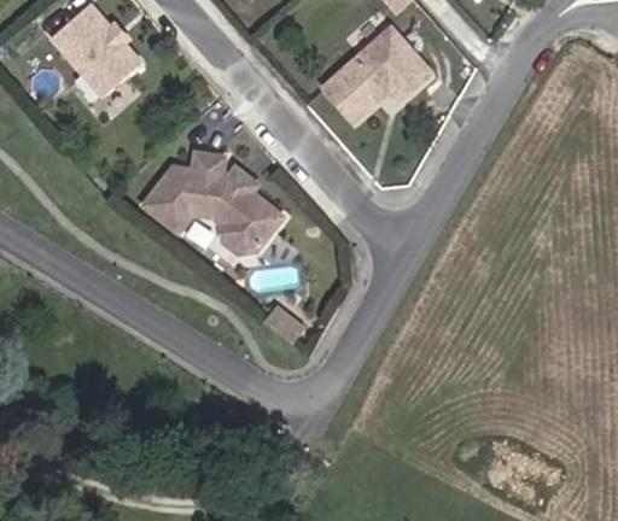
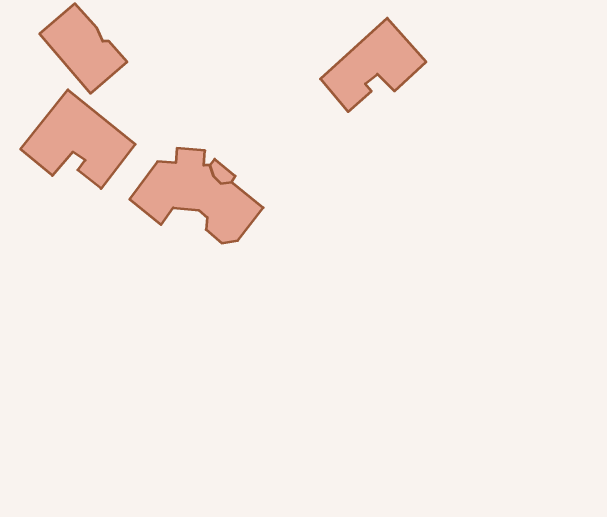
building: none -> [21,90,135,189]

